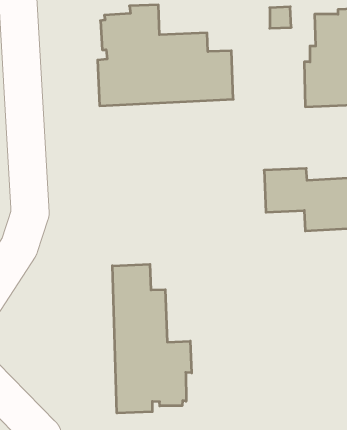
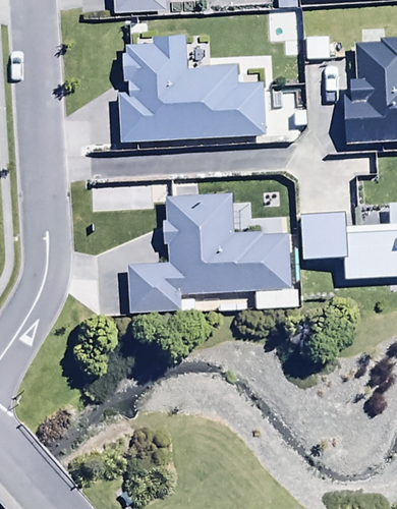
building: none -> [127,193,298,314]
building: [112,264,192,413] -> none

